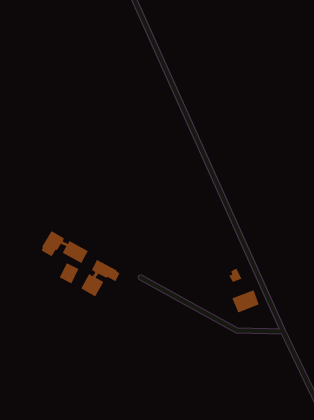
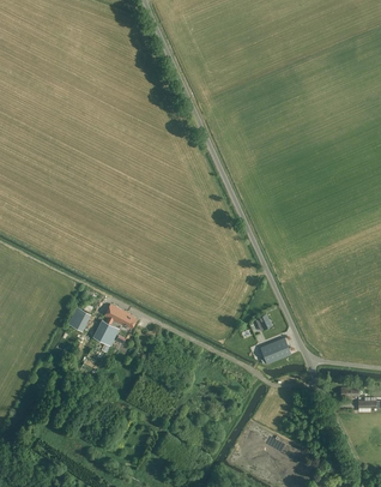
building: [41,230,88,264] -> none

